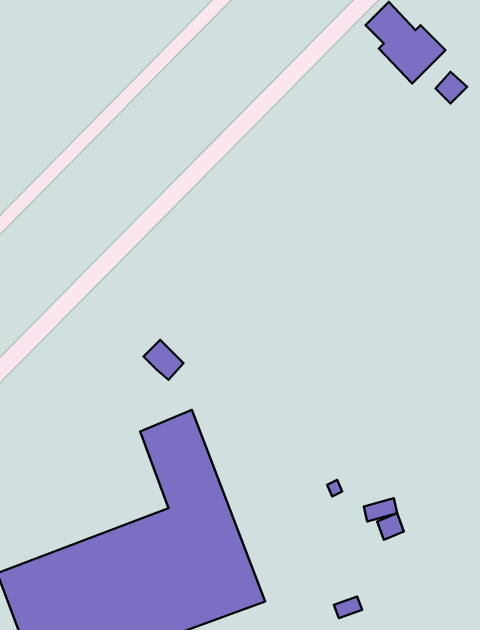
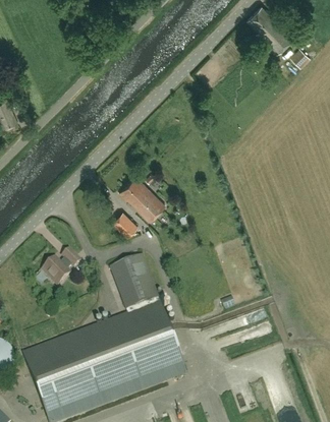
building: none -> [119,176,165,221]
building: none -> [42,248,80,285]

